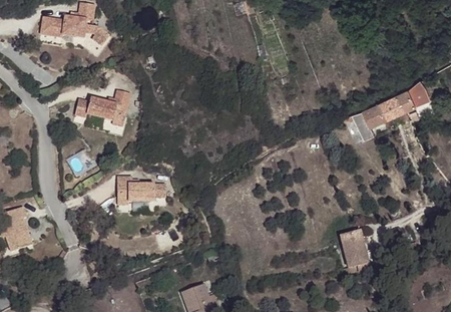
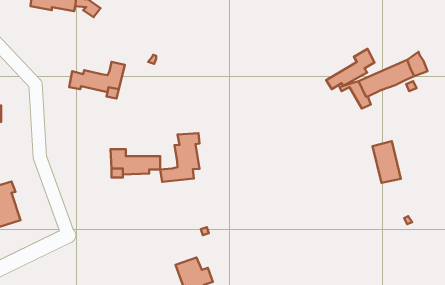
building: none -> [326,49,374,89]
building: none -> [160,133,199,182]
building: [342,232,370,273] -> [372,141,401,183]

